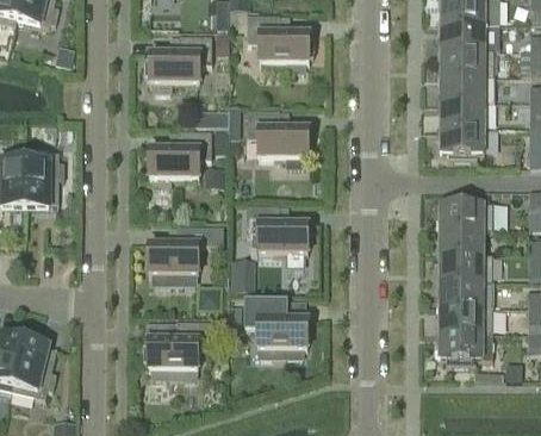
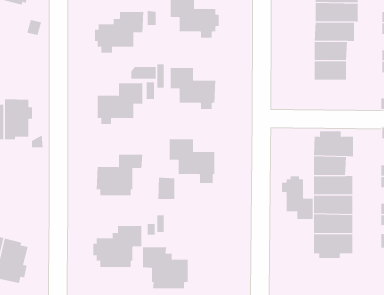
building: [440,126,484,160] -> none
building: none -> [281,175,313,220]
building: [245,300,307,356] -> [142,247,188,289]

